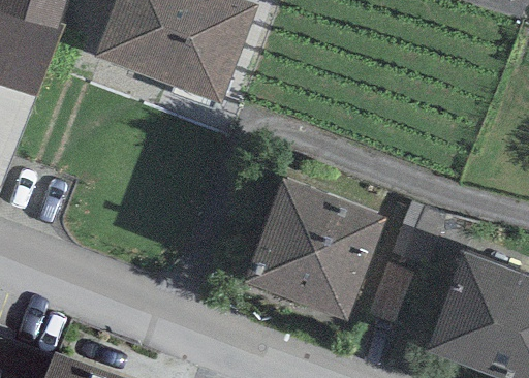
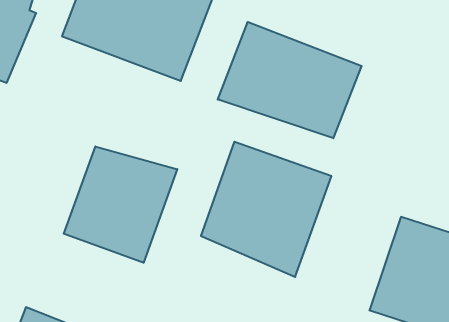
building: none -> [218,22,362,138]
building: none -> [64,146,177,263]

